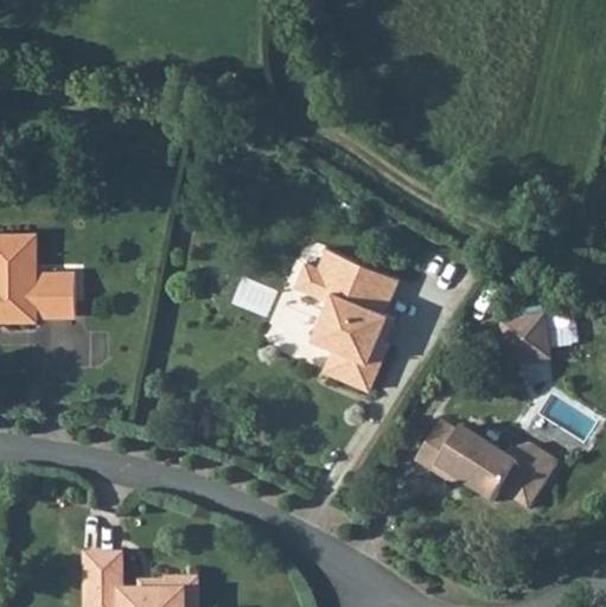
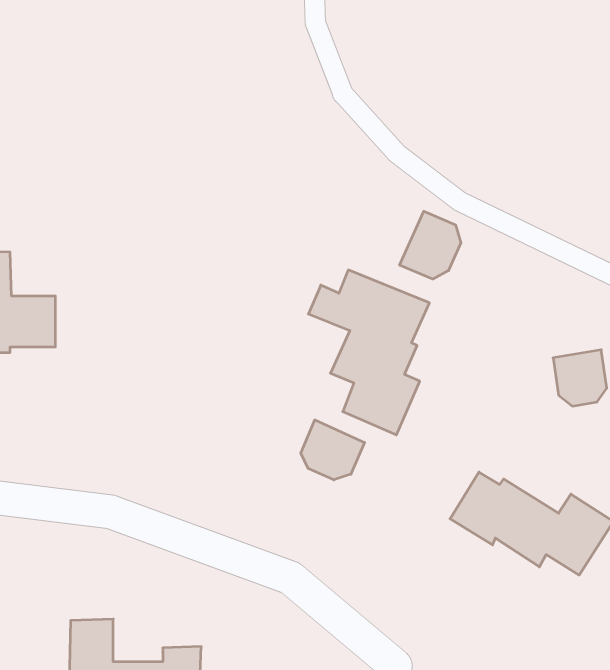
building: none -> [400,211,461,279]
building: none -> [301,420,365,480]

